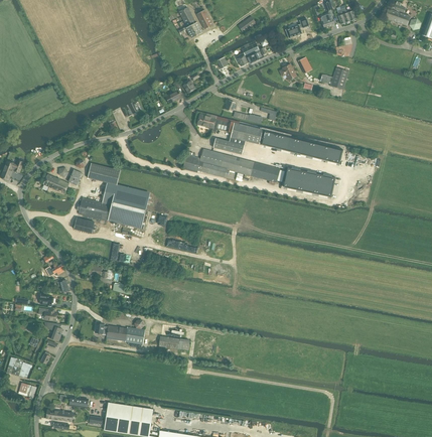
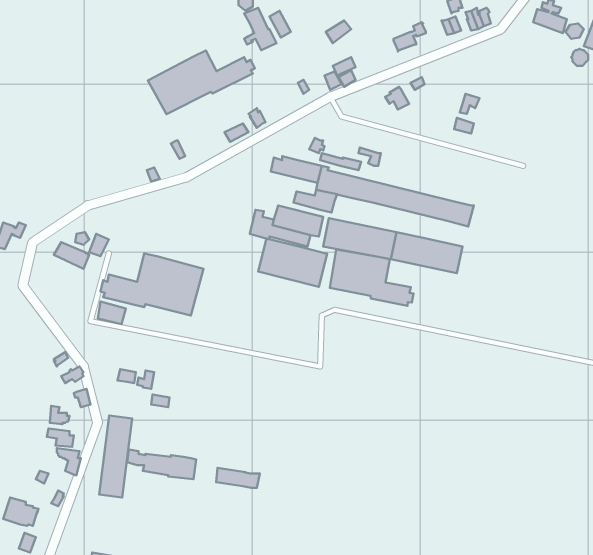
building: none -> [148,50,255,114]
building: [87,162,120,184] -> none
building: none -> [258,239,327,287]
building: none -> [330,250,414,306]
building: none -> [99,416,132,498]

